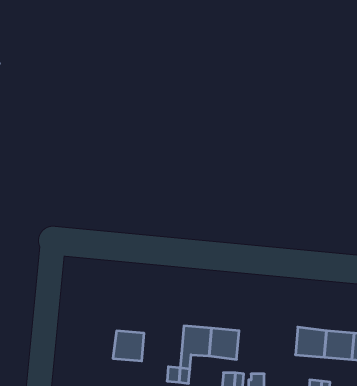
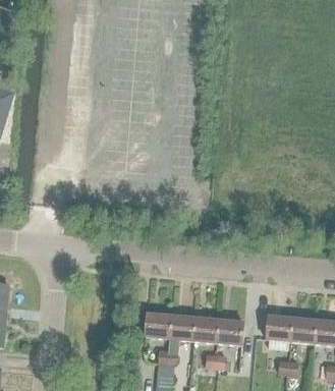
building: none -> [216,320,242,346]
building: [113,331,144,361] -> [145,314,171,339]

